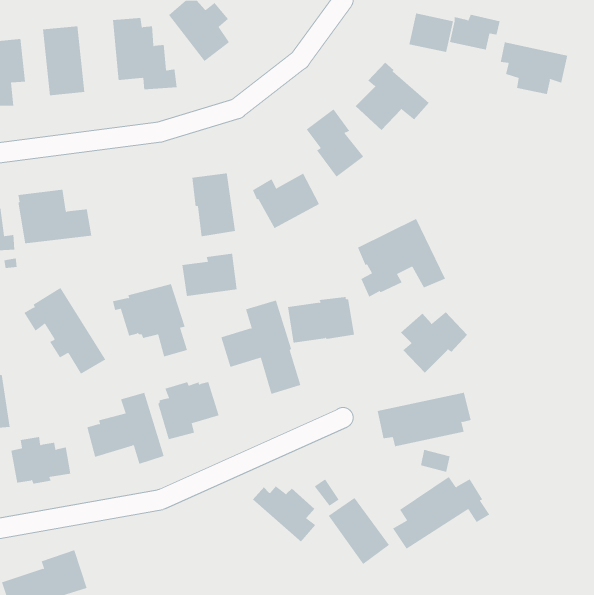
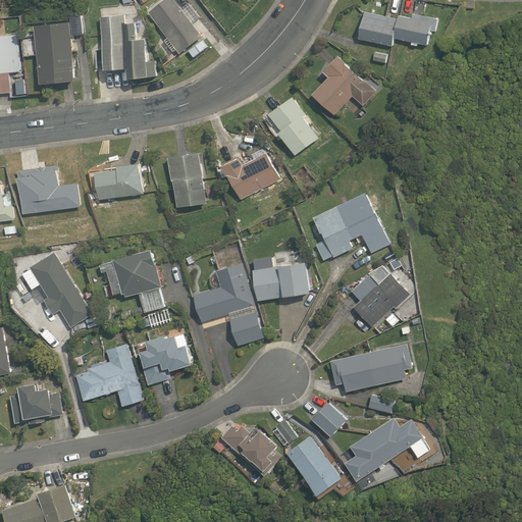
building: [500,41,568,95] -> none
building: [181,253,237,296] -> [94,162,143,200]
building: none -> [310,403,346,437]

